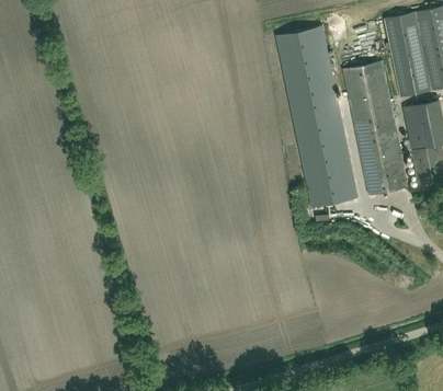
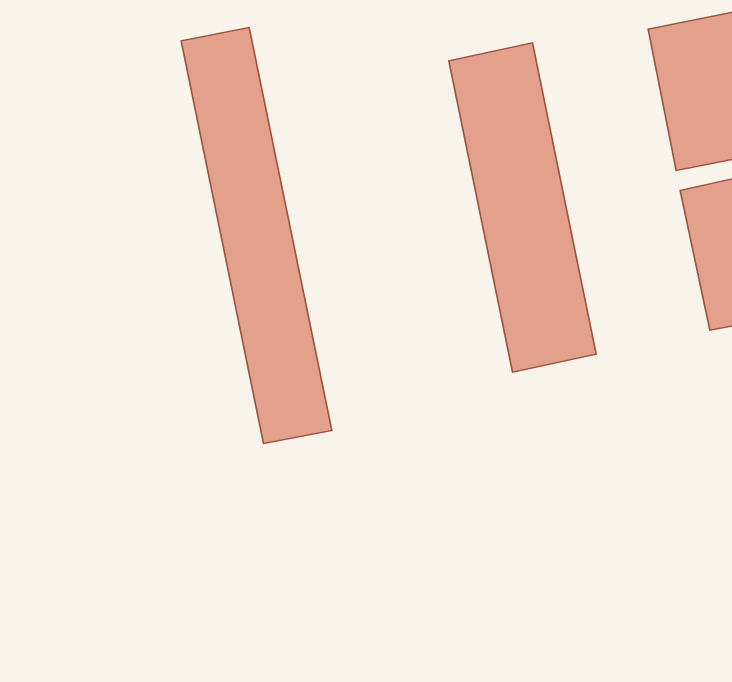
building: none -> [181,28,332,444]
building: [342,61,408,195] -> none

